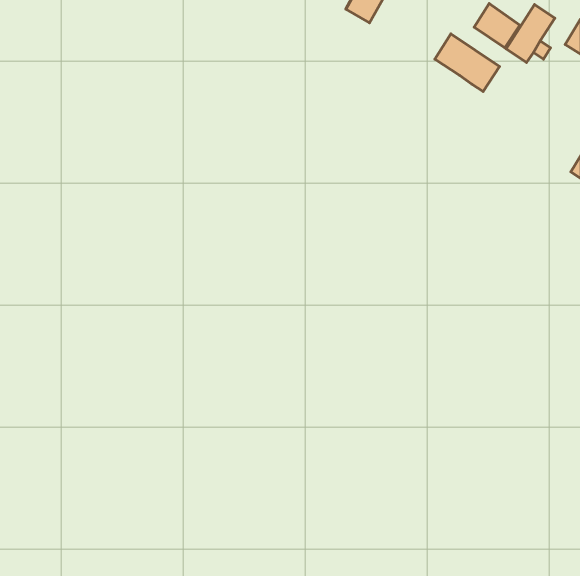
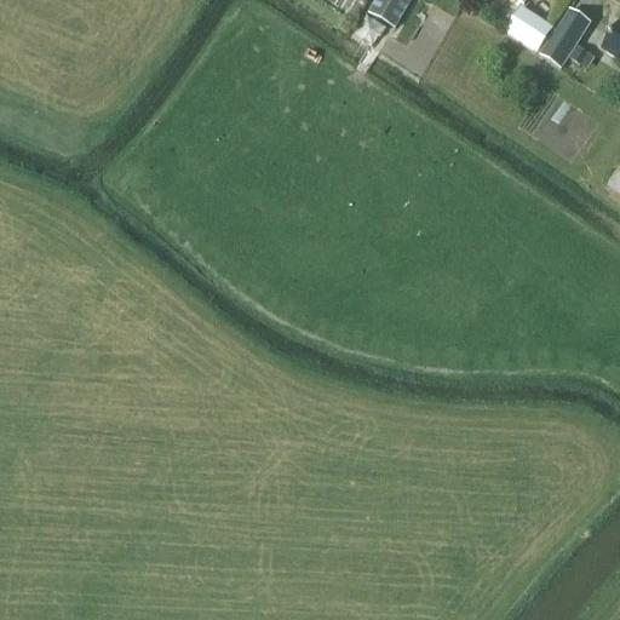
building: [435,34,499,91] -> none

